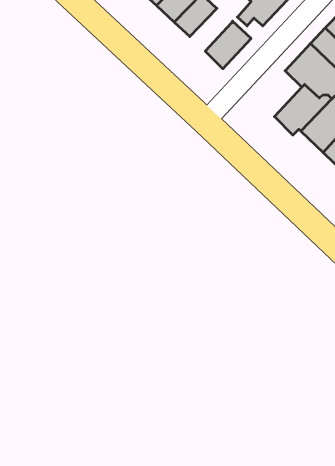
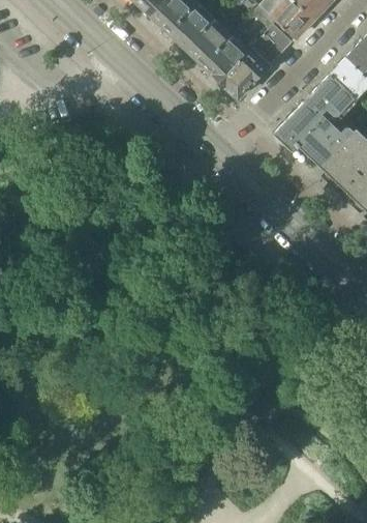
building: none -> [203,34,247,80]
building: none -> [274,100,322,149]

